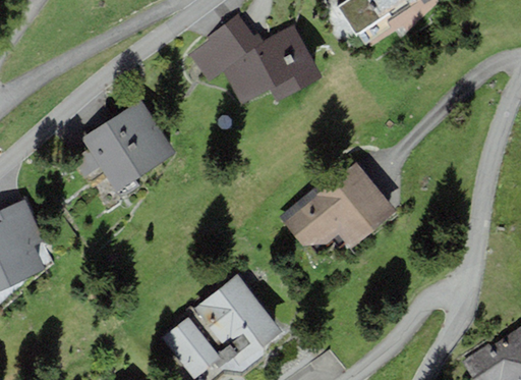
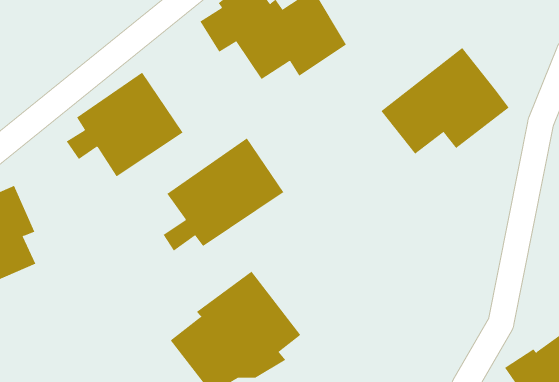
building: none -> [163,138,284,251]
building: [281,160,396,256] -> [380,47,509,155]

